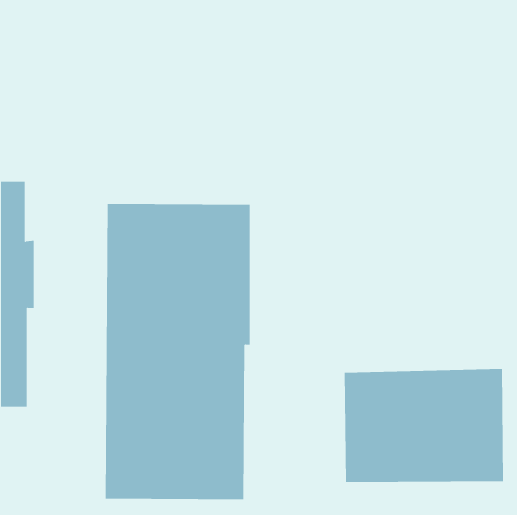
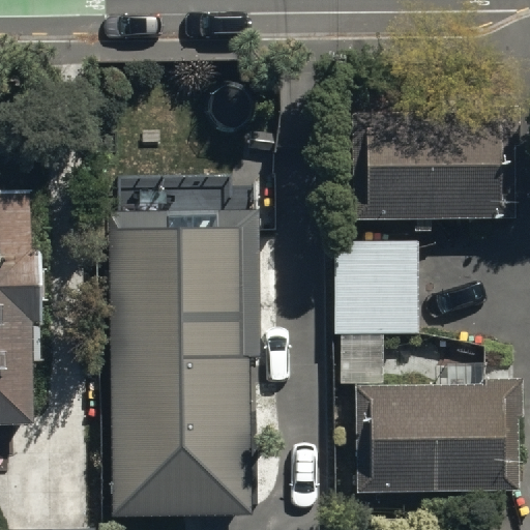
building: none -> [352,93,519,222]
building: none -> [335,242,420,333]

